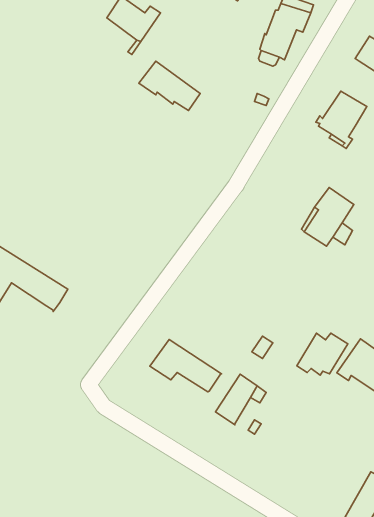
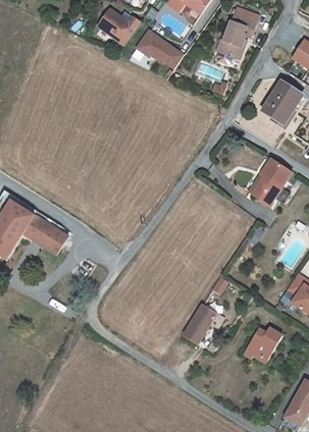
building: [139,61,200,111] -> [136,29,184,67]
building: [297,333,348,375] -> [242,326,281,359]
building: [150,340,222,392] -> none

